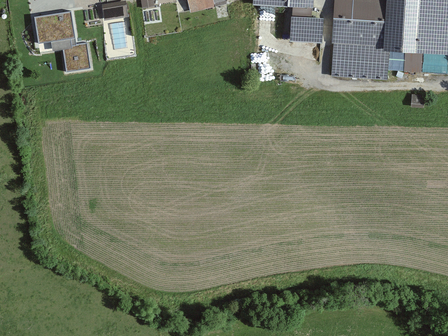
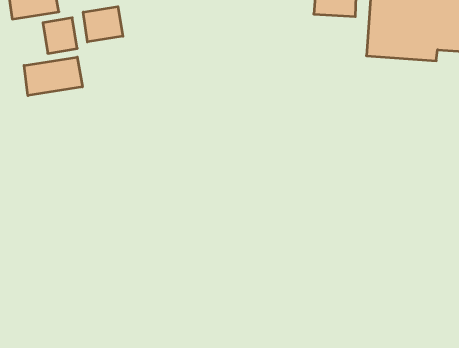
building: none -> [83,7,123,42]
building: none -> [24,57,82,96]

